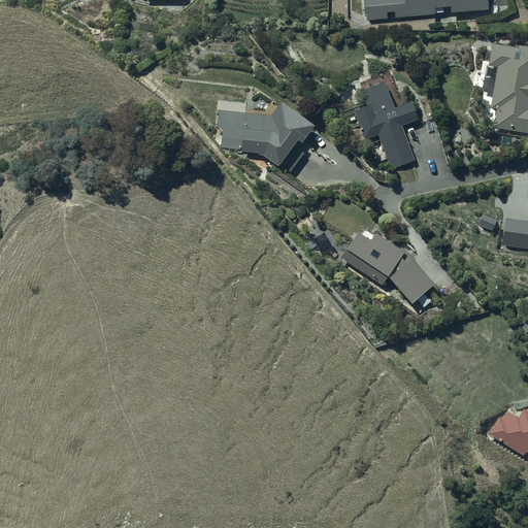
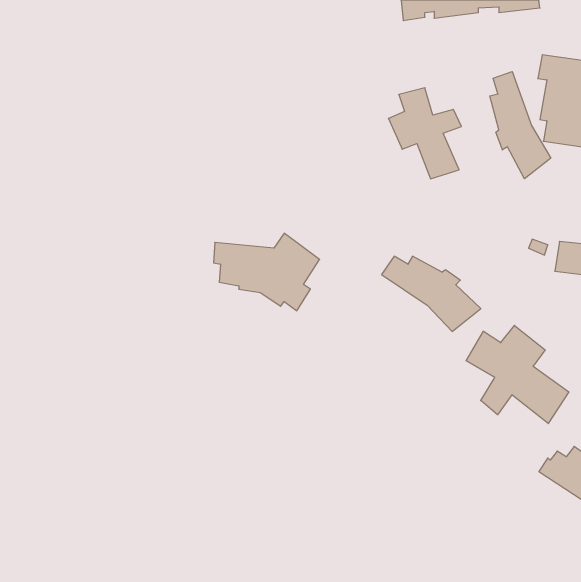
building: none -> [490,72,551,179]
building: [217,102,312,172] -> [214,233,320,311]
building: none -> [466,325,569,424]

